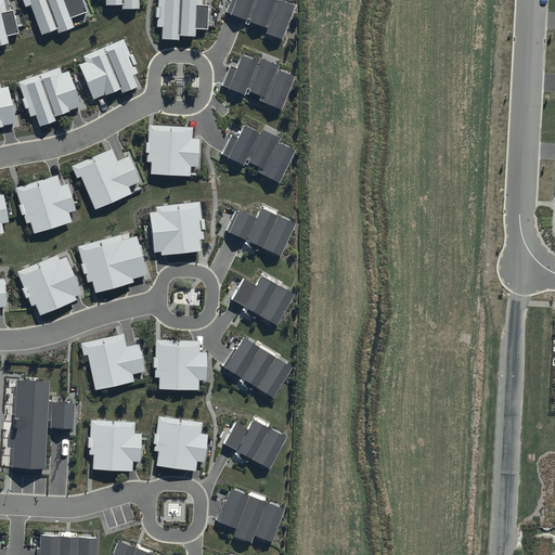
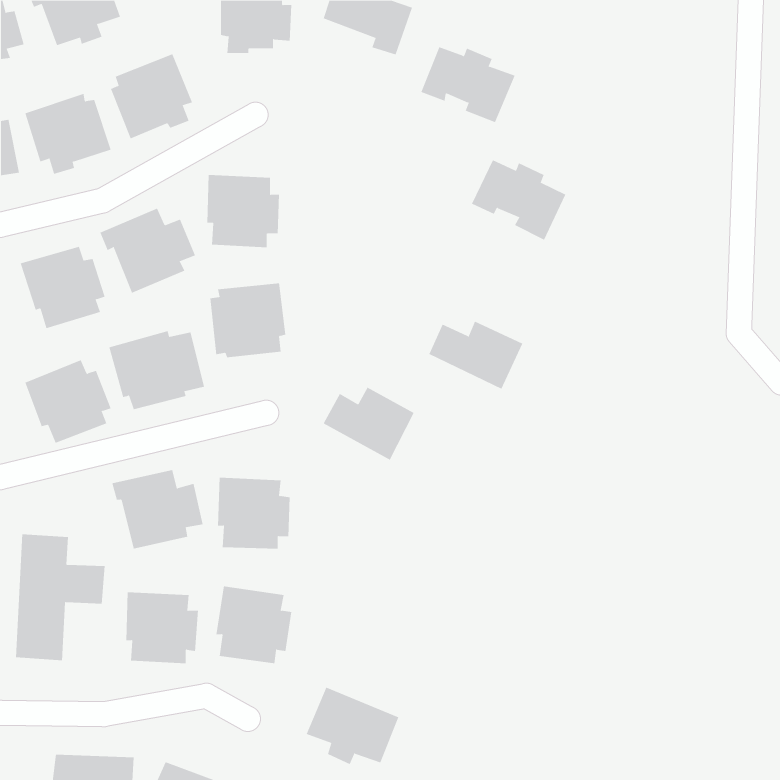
building: [228,56,295,111] -> [421,46,515,123]
building: [228,127,295,184] -> [471,159,566,241]
building: [228,208,295,257] -> [428,321,523,389]
building: [224,337,293,399] -> none
building: [223,418,288,470] -> none

